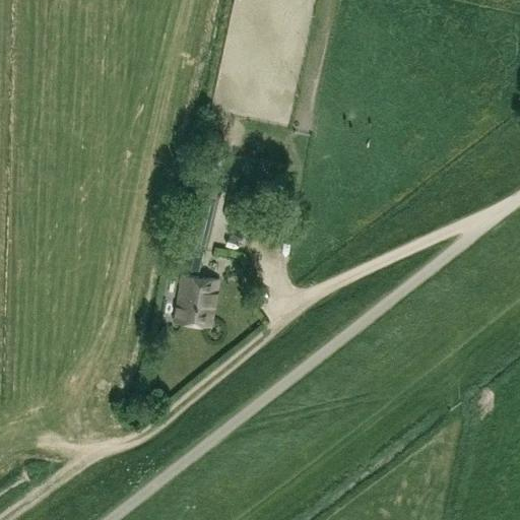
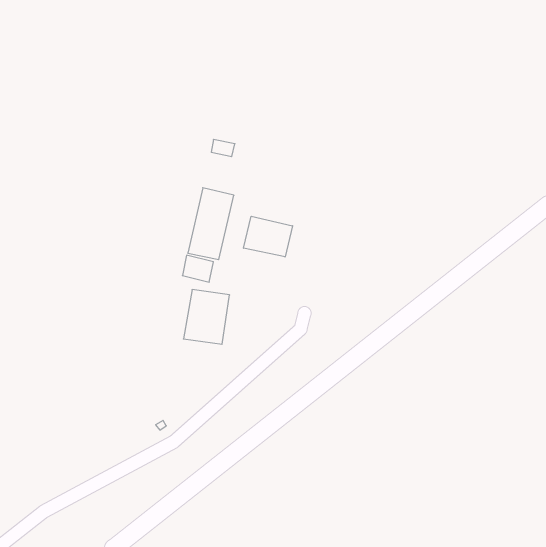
building: none -> [244,216,293,257]

